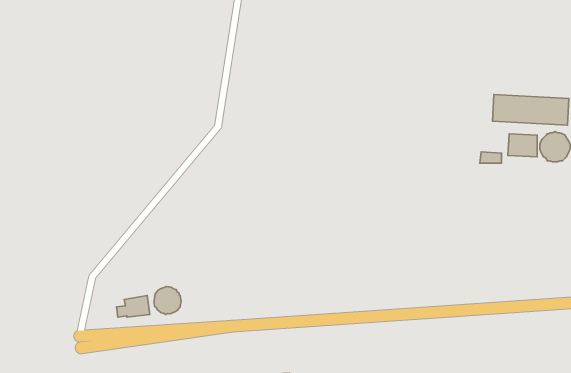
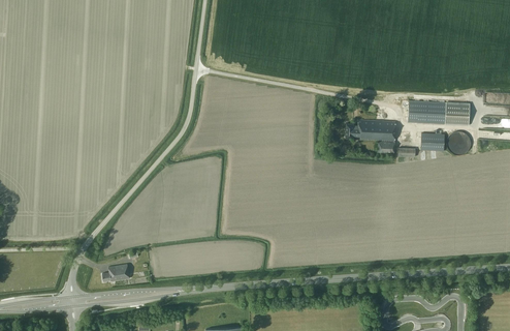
building: none -> [345,120,395,154]
building: [154,287,181,315] -> none

